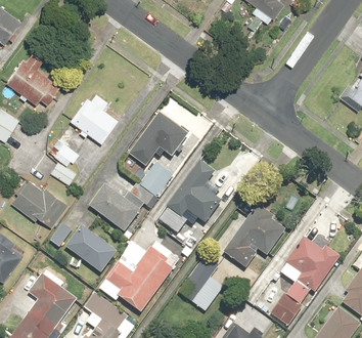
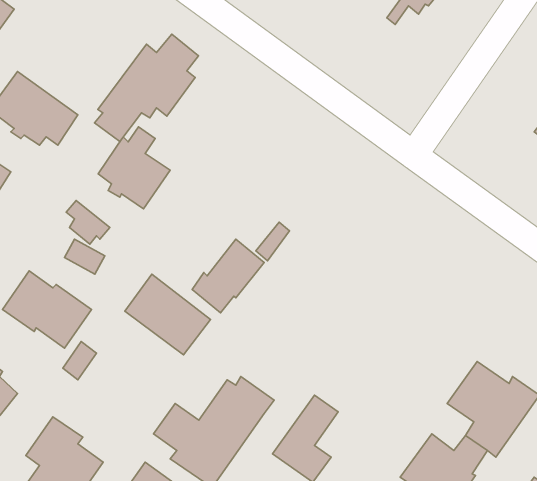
building: [126,107,189,172] -> [95,34,199,141]
building: [159,161,221,233] -> none
building: [223,207,284,268] -> none
building: [65,225,117,273] -> none

